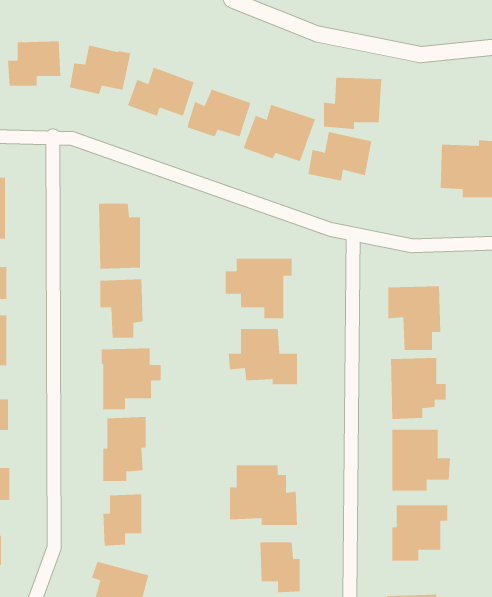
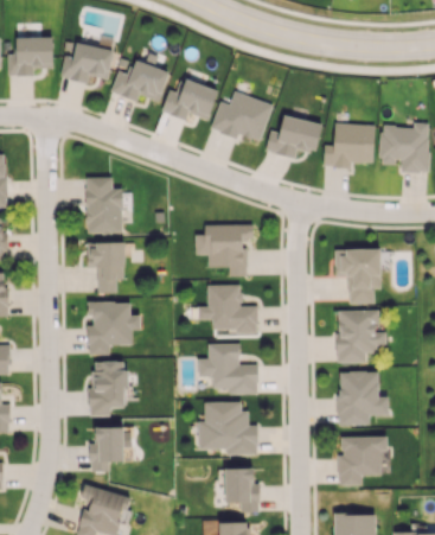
building: [323,77,382,130] -> [324,123,375,168]
building: none -> [198,343,257,394]

